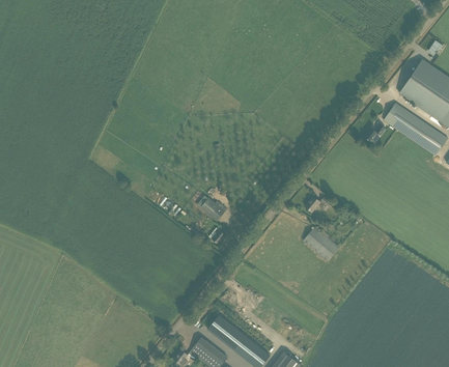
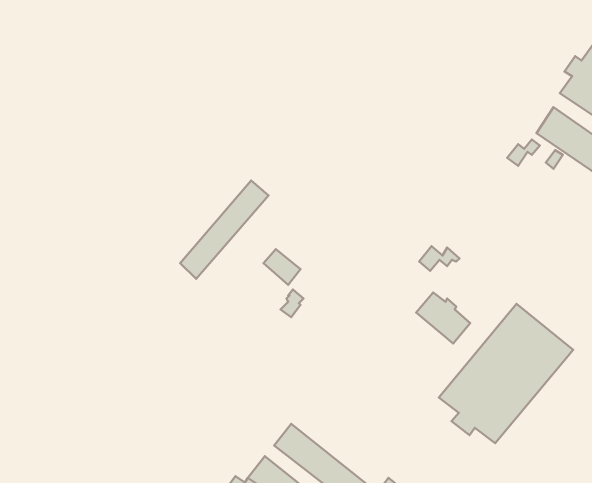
building: none -> [180,180,269,279]
building: none -> [439,304,573,443]

